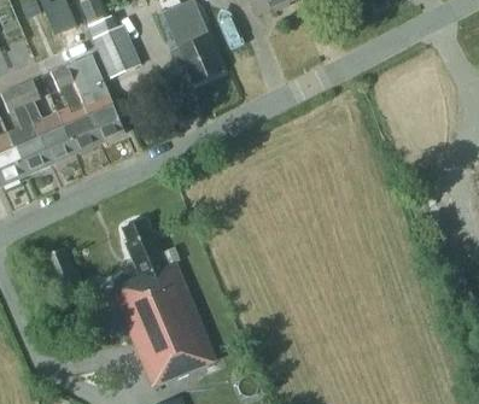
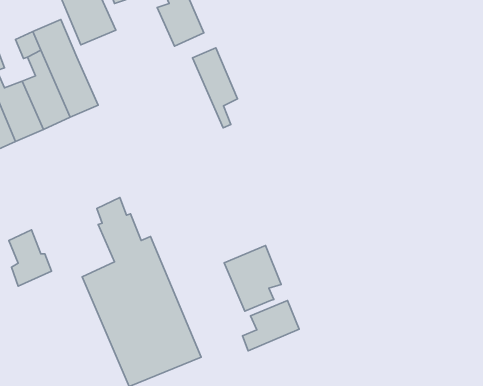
building: none -> [192,48,237,128]
building: none -> [224,245,281,311]
building: none -> [243,300,299,351]

